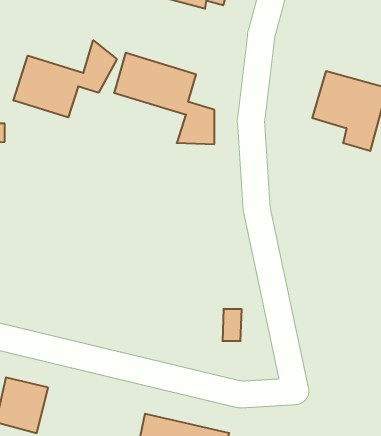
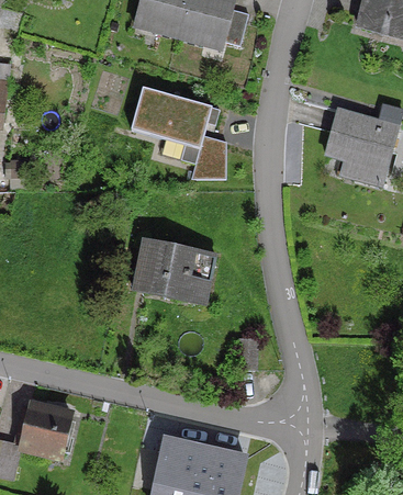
building: [13,40,117,117] -> none
building: none -> [133,239,214,297]

